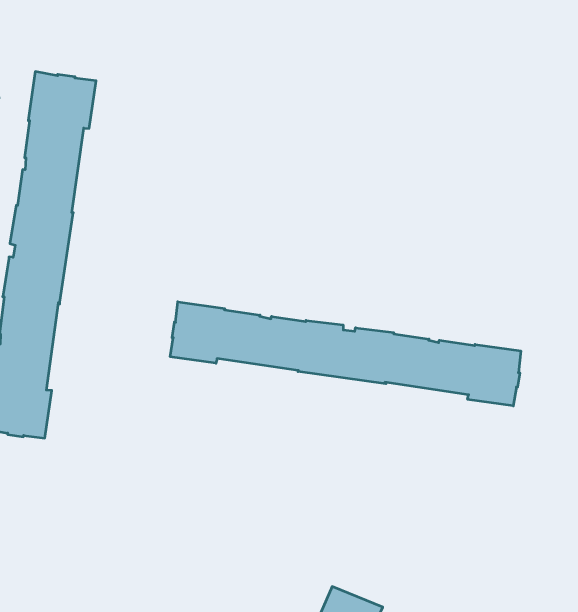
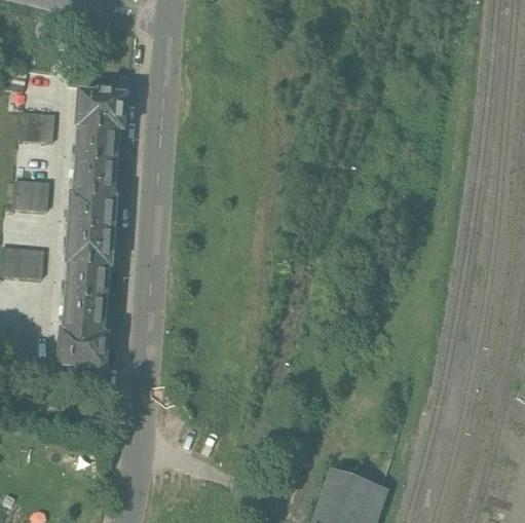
building: [170,302,521,406] -> none

